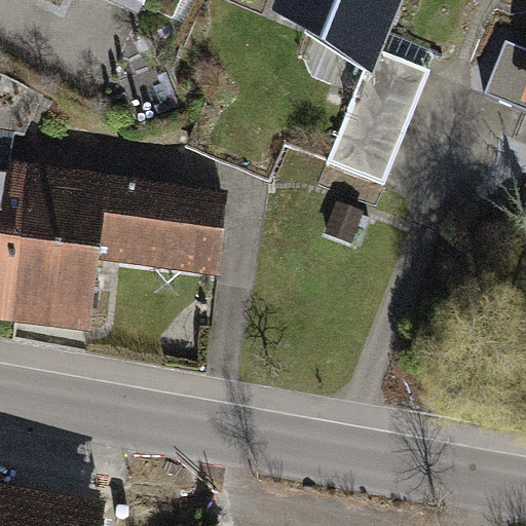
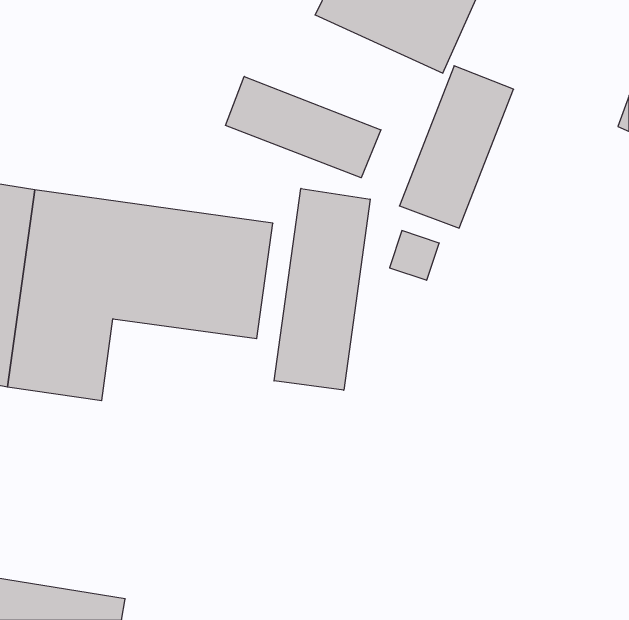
building: none -> [226,76,381,178]
building: none -> [274,188,370,390]

